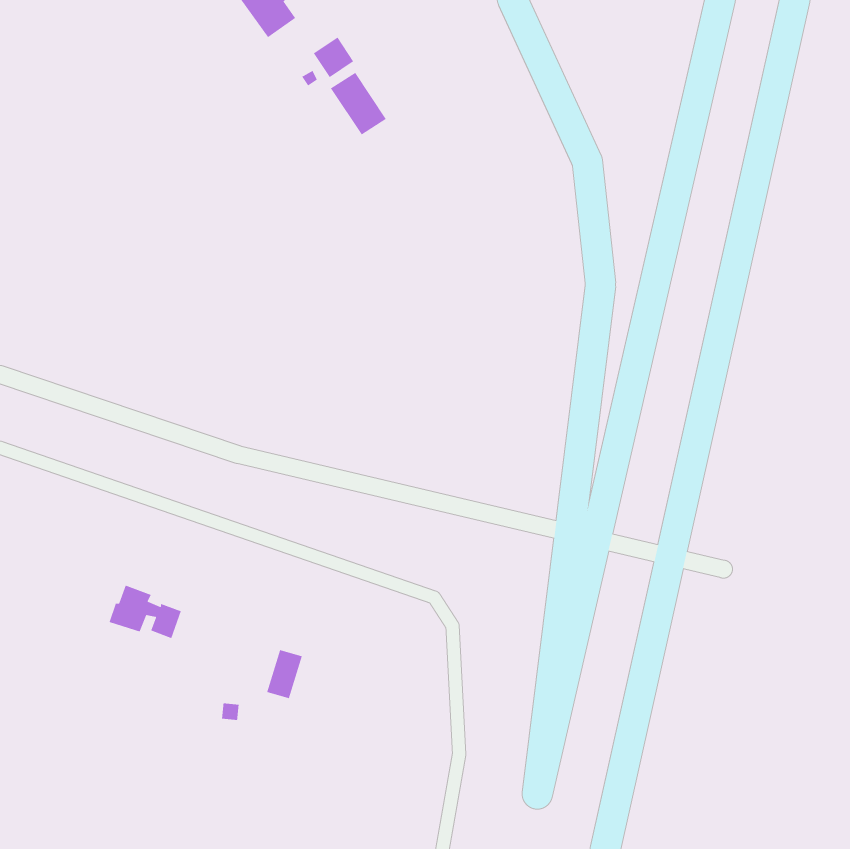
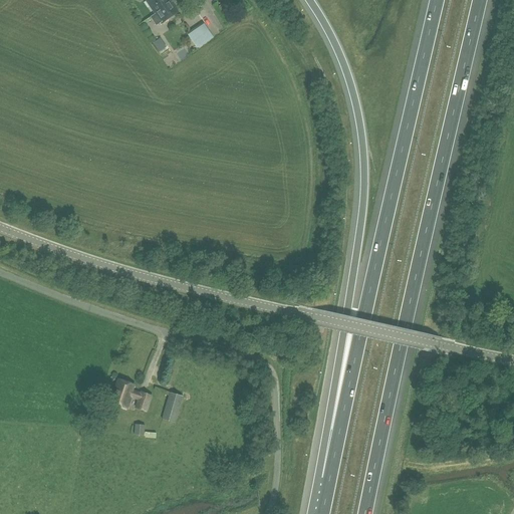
building: [330,72,387,135] -> none
building: [109,584,182,639] -> [108,378,153,412]

